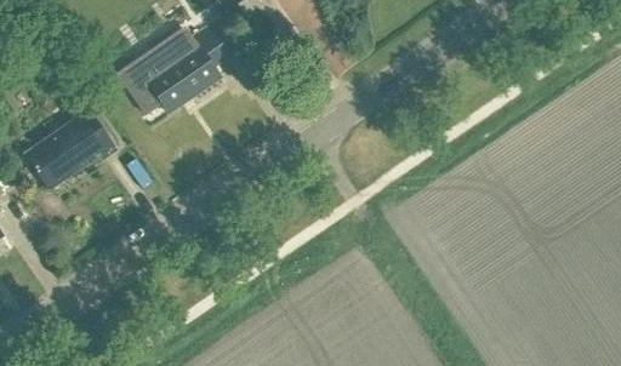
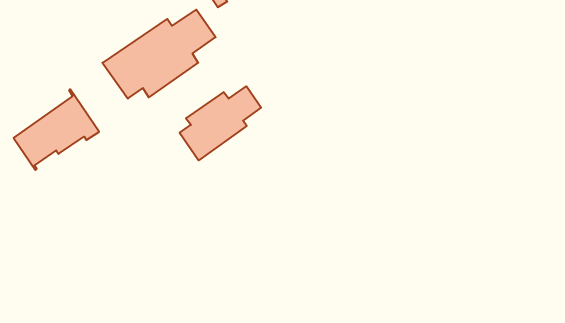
building: none -> [180,86,261,160]

